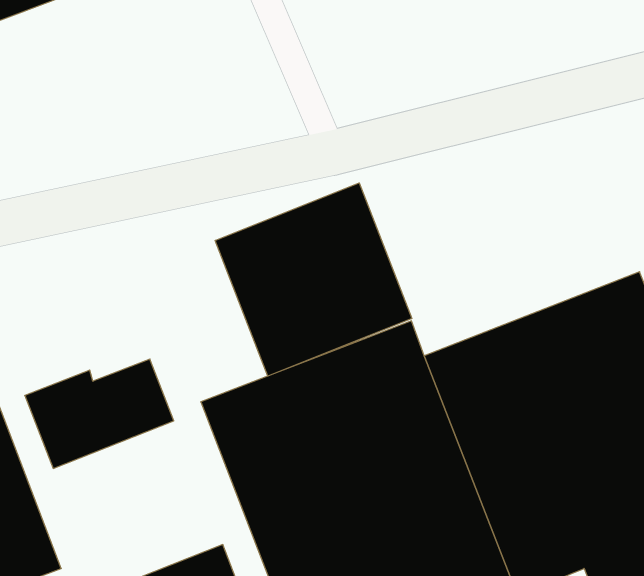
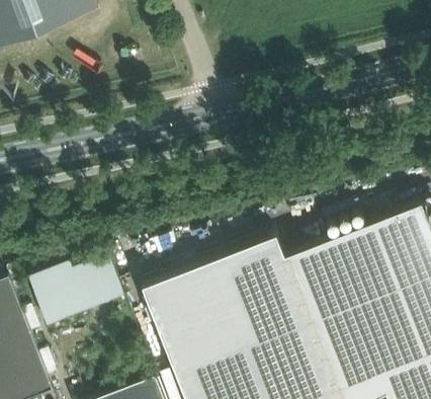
building: [215,183,412,376] -> none

